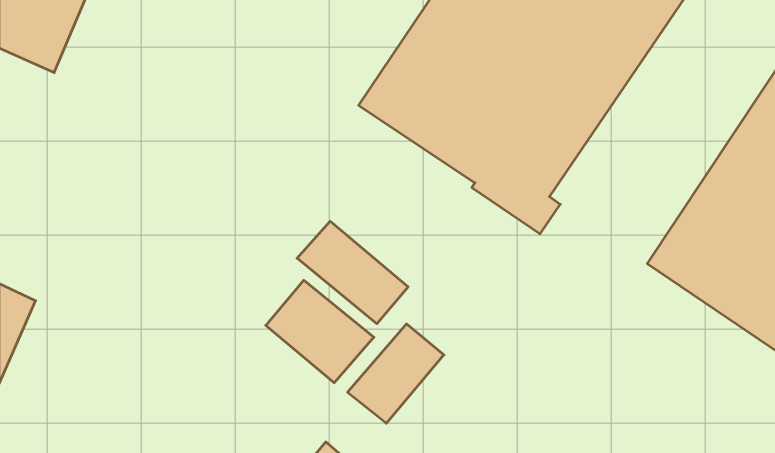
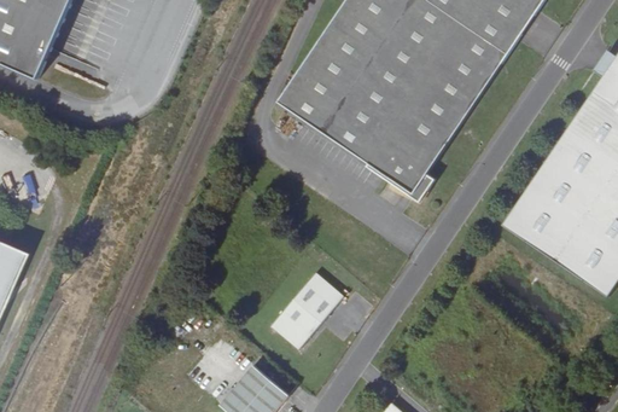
building: [297,221,408,324] -> none
building: [266,280,374,383] -> none

